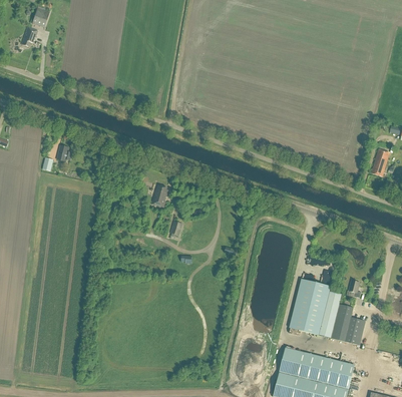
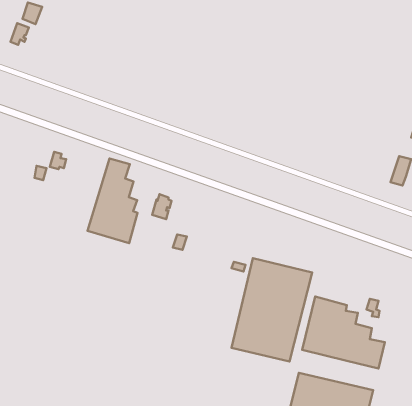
building: none -> [88,158,137,243]
building: none -> [231,258,312,362]

